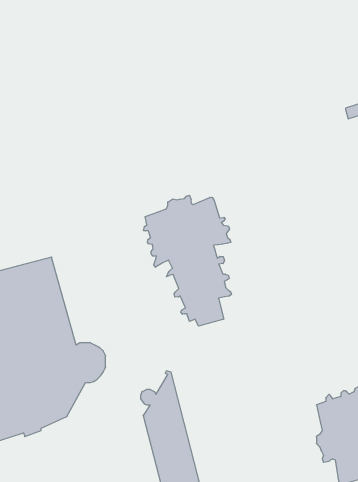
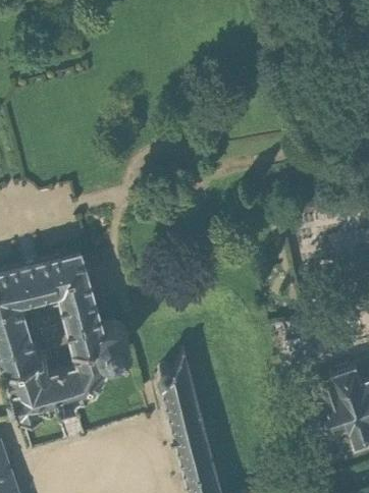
building: [143,195,231,326] -> none

